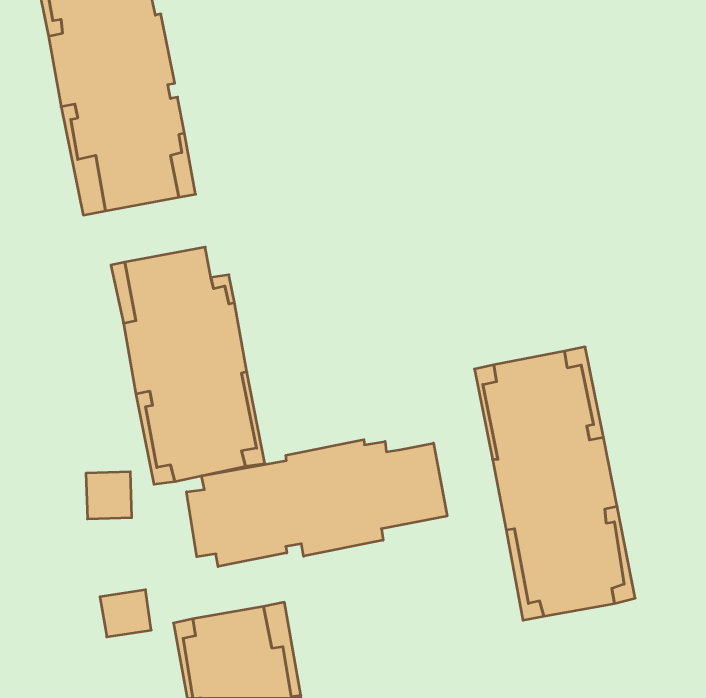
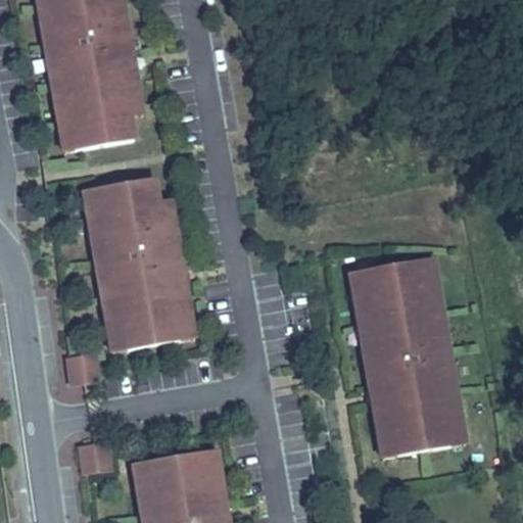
building: [187,440,447,567] -> none

